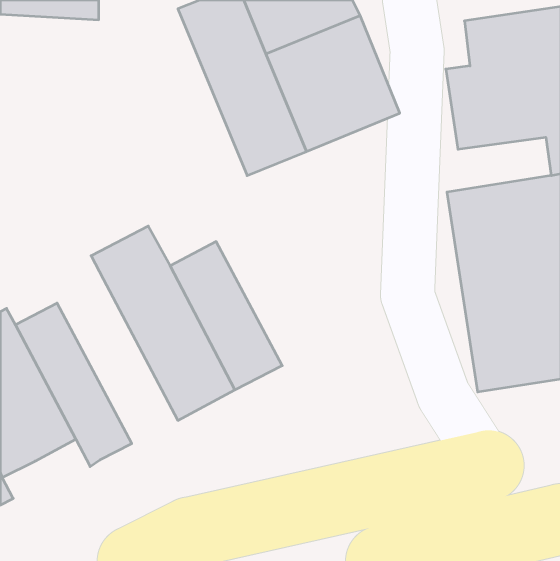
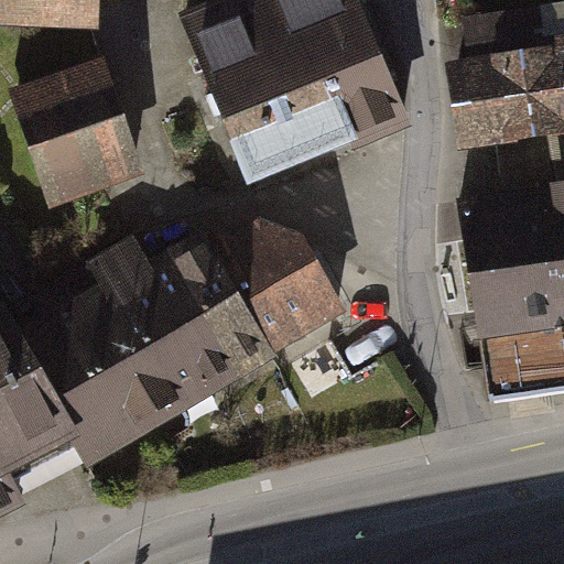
building: none -> [10,55,145,207]
building: none -> [218,205,355,367]
building: none -> [58,280,180,445]

